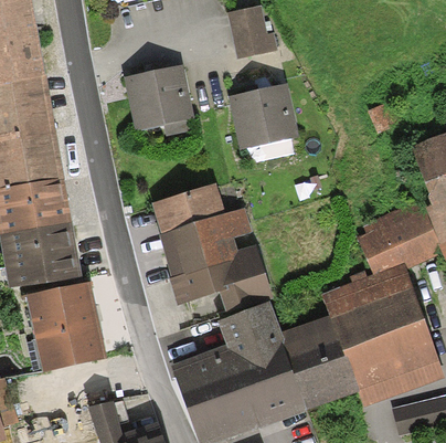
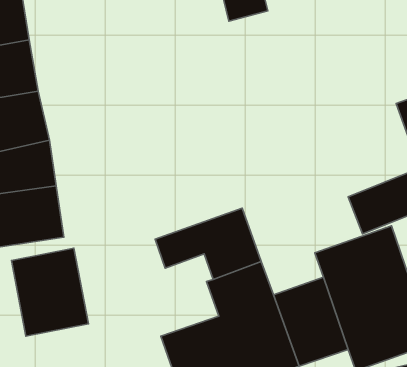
building: [126,64,198,135] -> none
building: [230,83,300,149] -> none
building: [145,177,254,275] -> none

